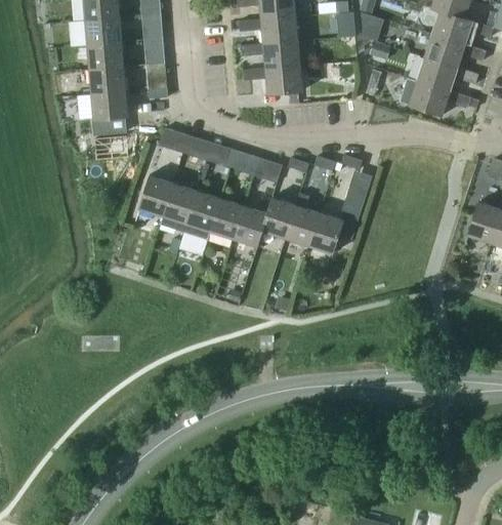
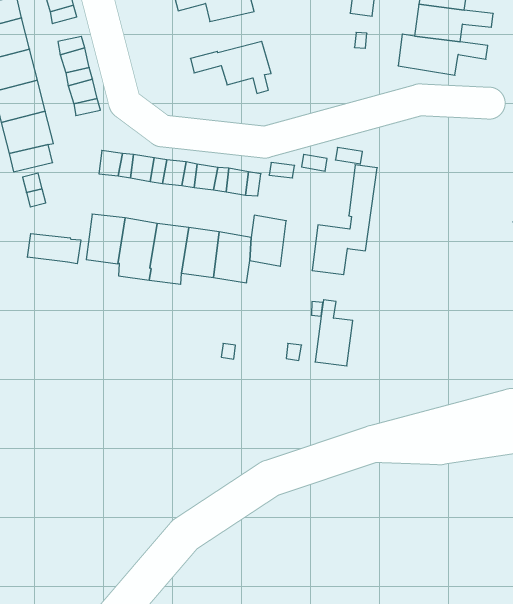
building: [241,41,299,68] -> none
building: none -> [27,234,81,264]
building: [285,192,319,245] -> [315,300,353,366]

